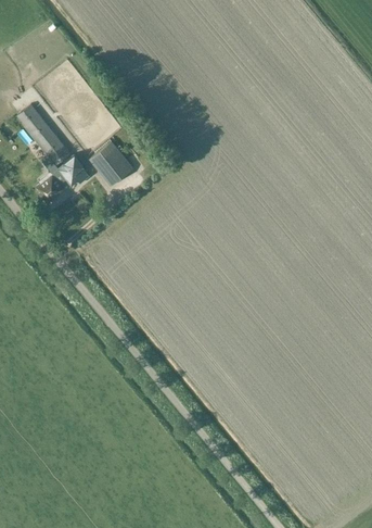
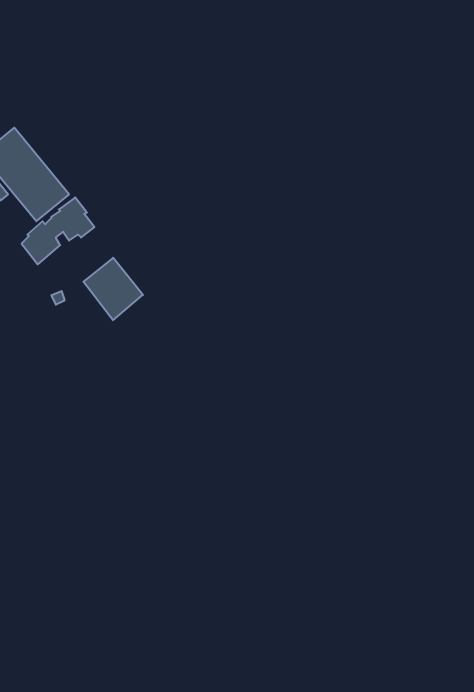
building: [90,141,133,187] -> [83,258,143,320]

